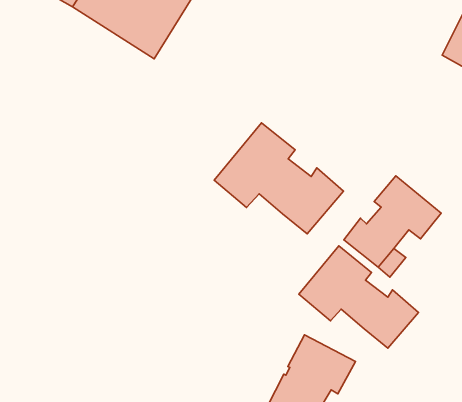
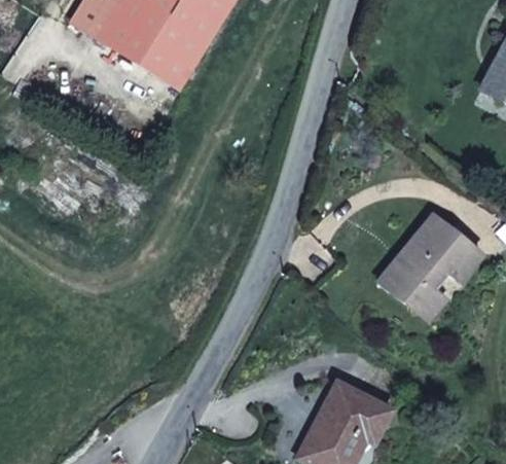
building: [214,123,344,234] -> none
building: [299,246,419,348] -> none

